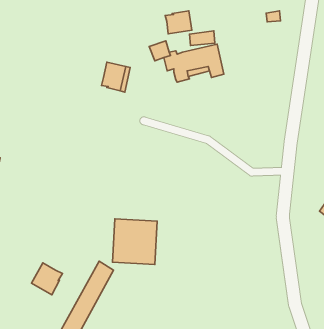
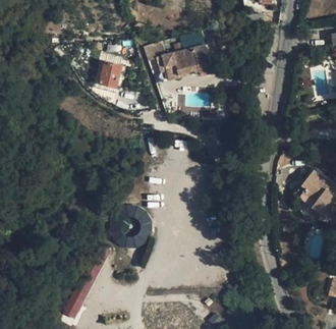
building: [165,11,192,34] -> none
building: [32,263,62,295] -> none

